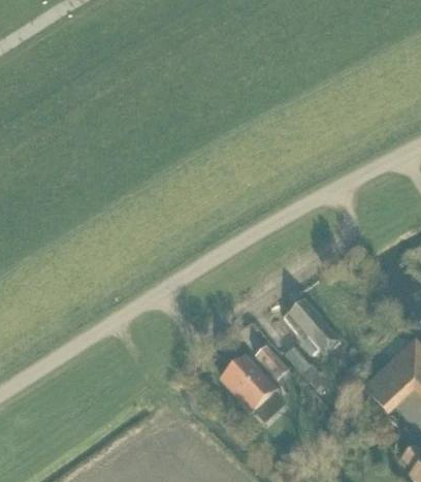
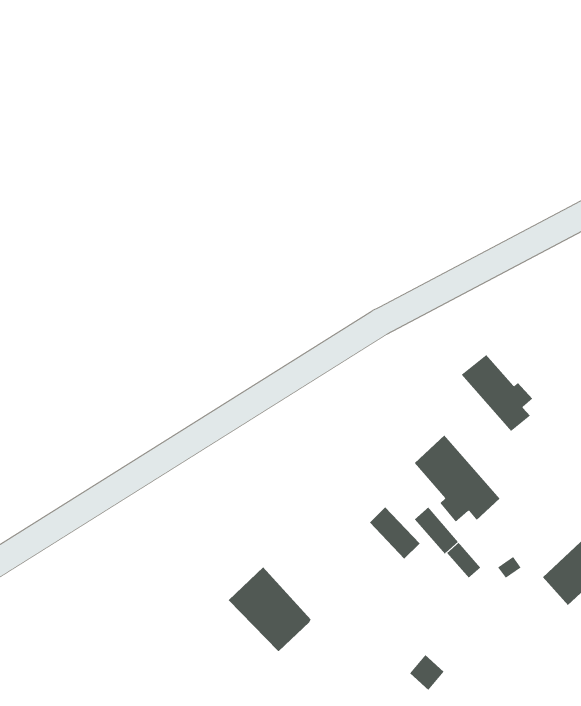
building: none -> [461,354,533,432]
building: [221,355,274,410] -> [228,566,311,651]

